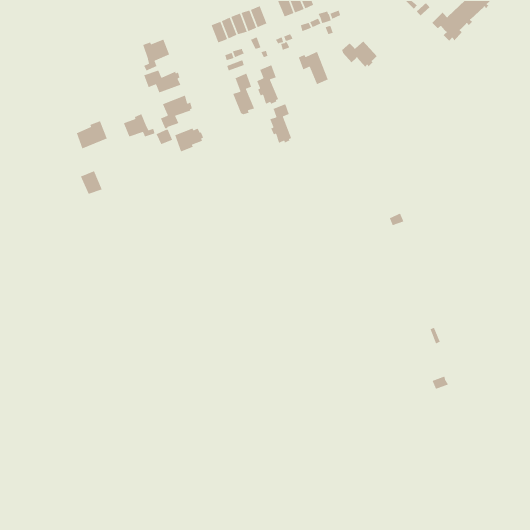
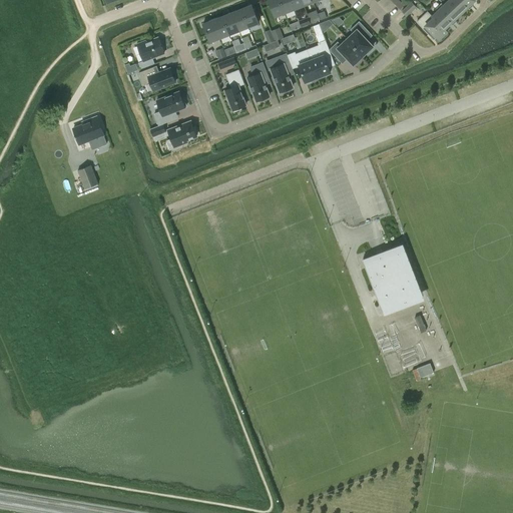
building: none -> [351,22,373,54]
building: none -> [307,40,331,77]
building: [269,103,292,144] -> [271,53,293,92]
building: [123,113,156,138] -> none
building: none -> [365,249,418,312]

